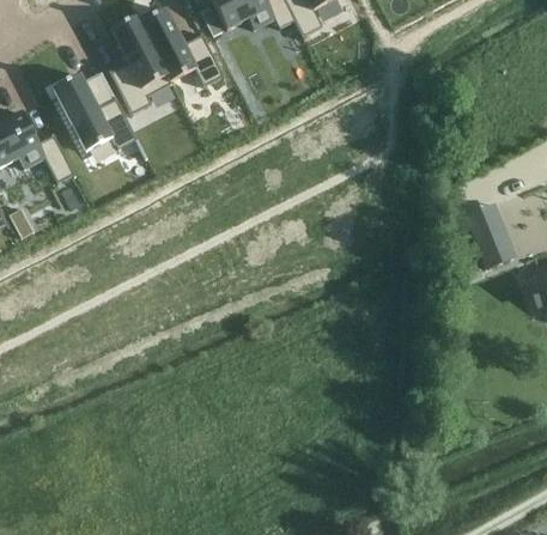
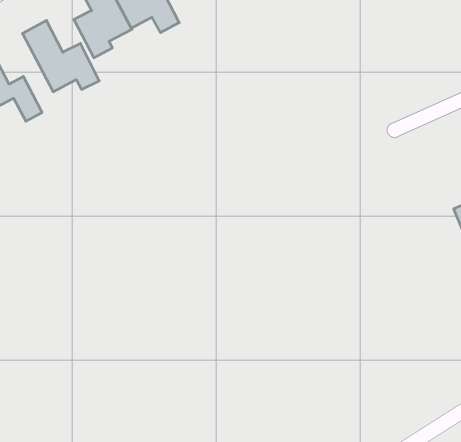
building: [464,200,517,266] -> none

